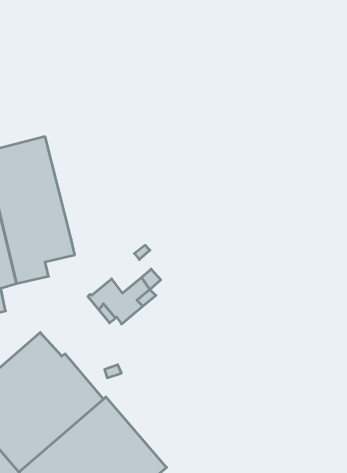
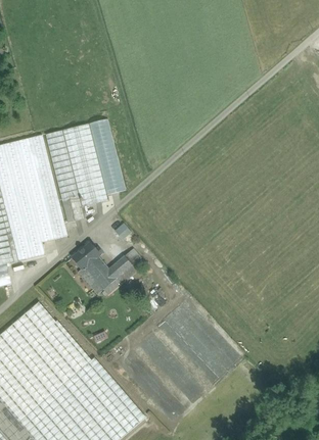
building: none -> [41,118,126,223]
building: none -> [71,242,100,271]

